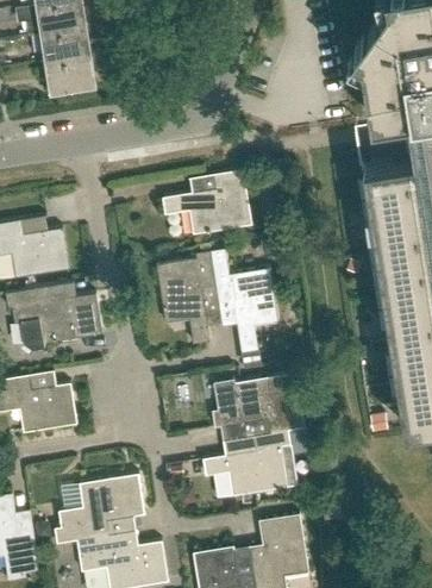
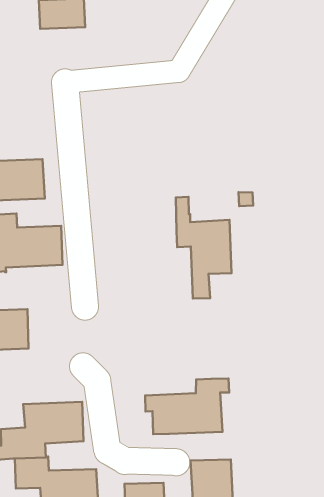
building: [161,168,250,233] -> none
building: [155,250,214,343] -> none
building: [209,374,302,440] -> none

